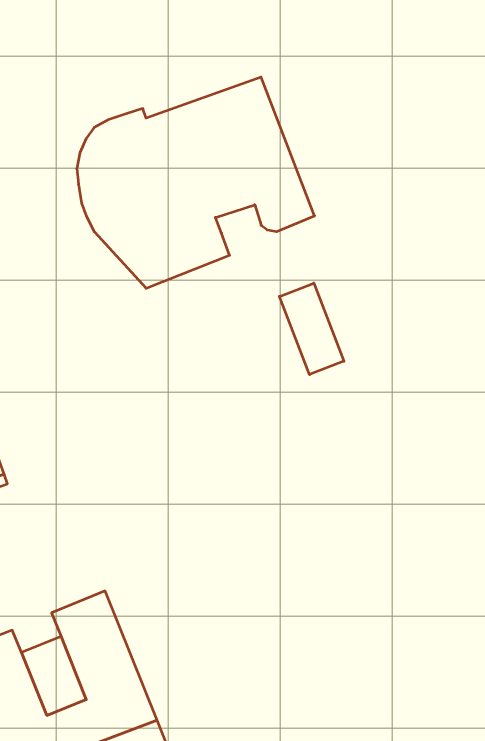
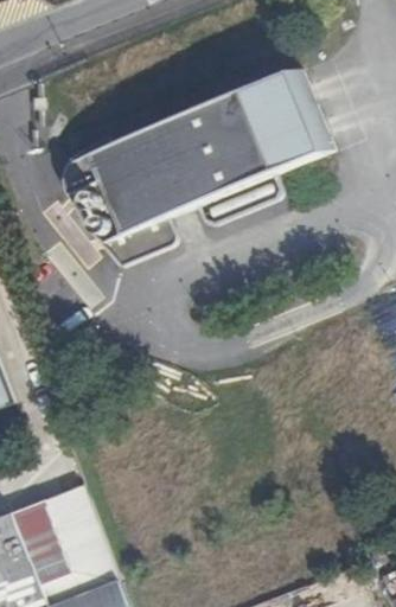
building: none -> [202,65,324,203]
building: [279,283,344,375] -> none

